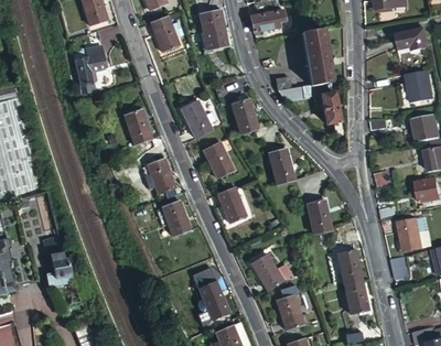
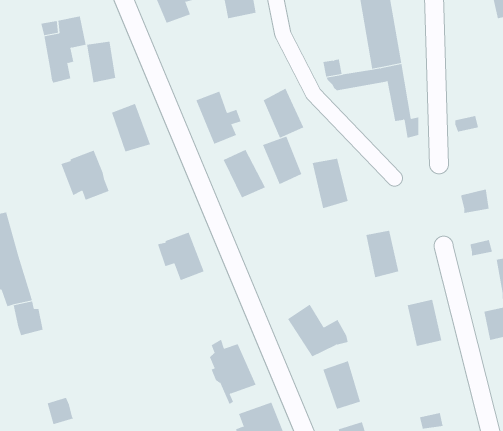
building: none -> [86,41,116,83]
building: [139,159,174,195] -> [61,150,110,200]
building: [216,187,245,223] -> [262,136,302,185]
building: [342,280,367,314] -> none

